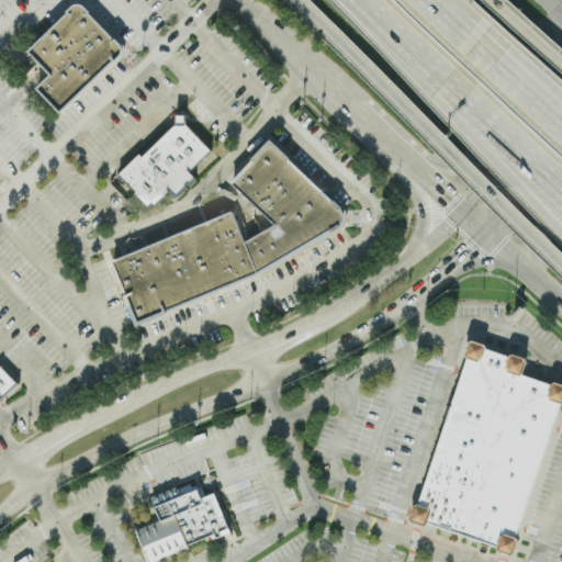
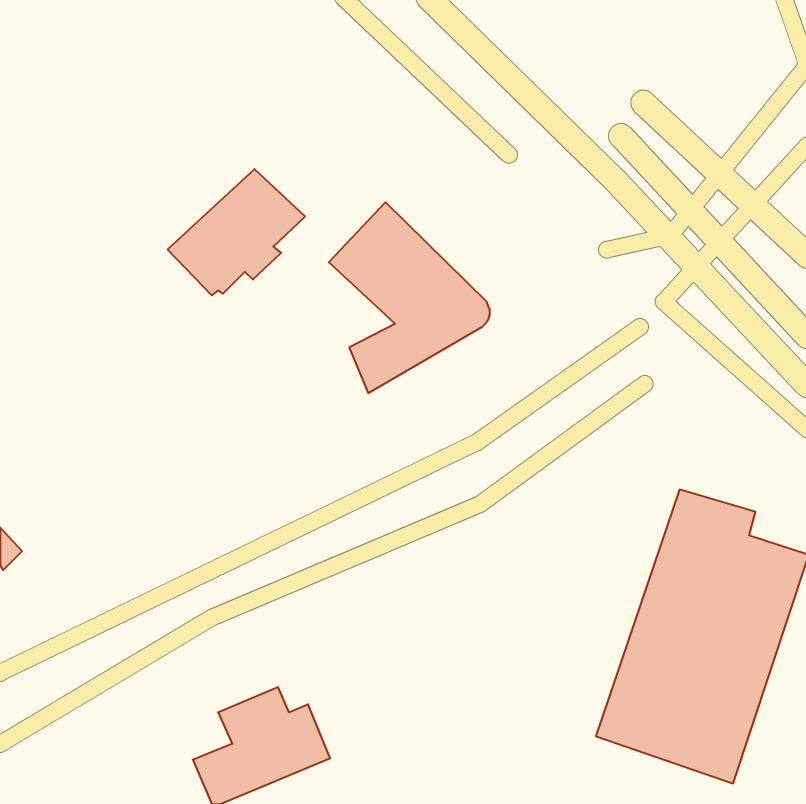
building: [27,4,121,111] -> none
building: [113,212,257,323] -> none

